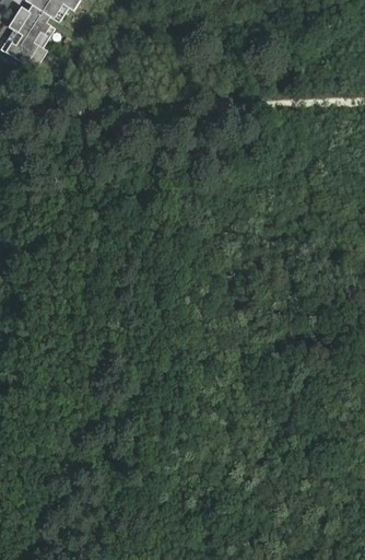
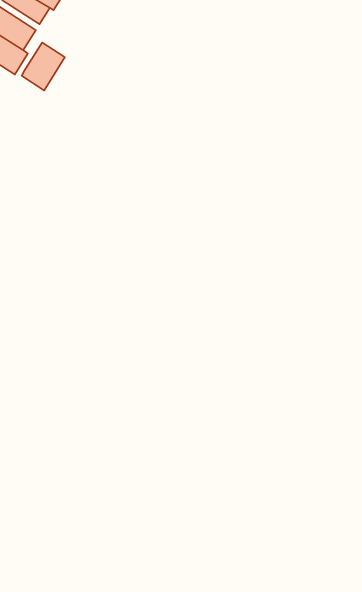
building: none -> [22,43,65,91]

